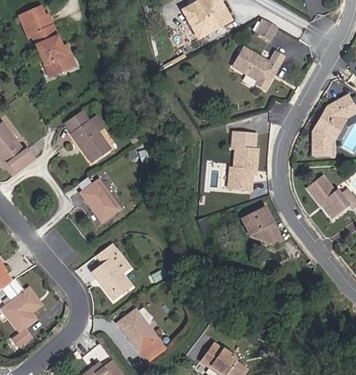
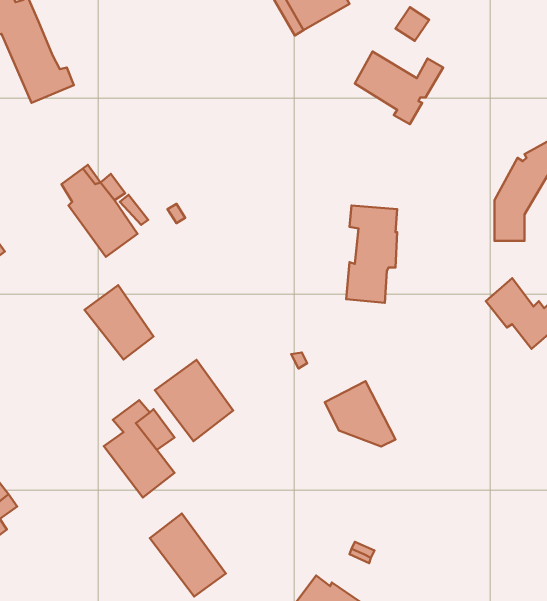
building: [242,205,282,243] -> [325,381,395,446]
building: none -> [155,360,233,441]

